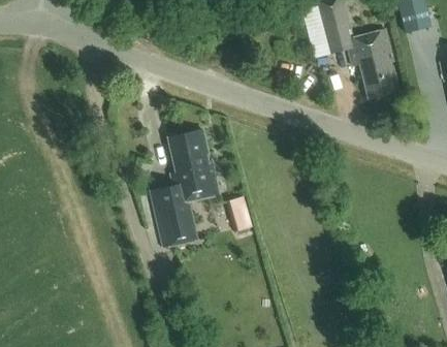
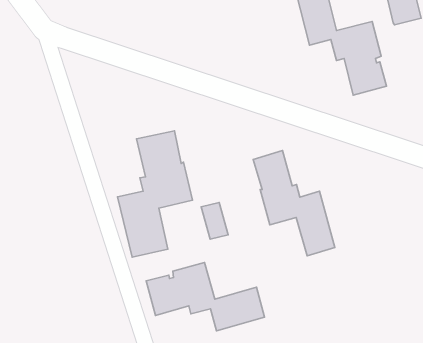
building: none -> [253,150,335,256]
building: none -> [146,263,265,331]

